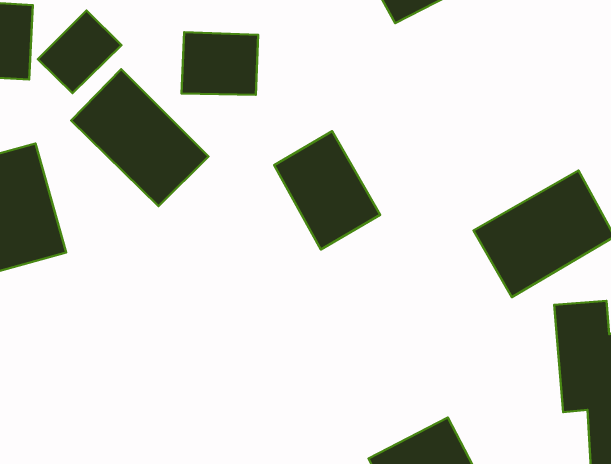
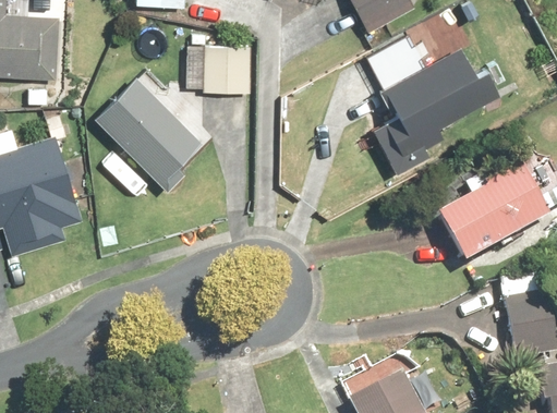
building: [38,11,122,93] -> none
building: none -> [360,31,504,174]
building: [274,131,380,249] -> none

